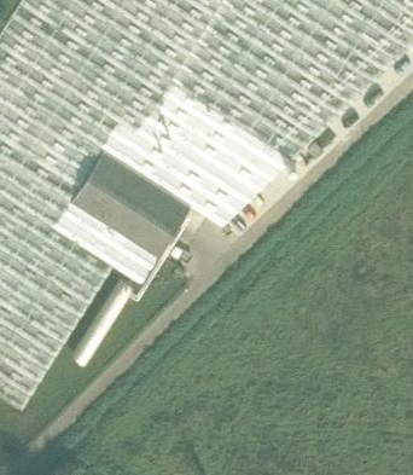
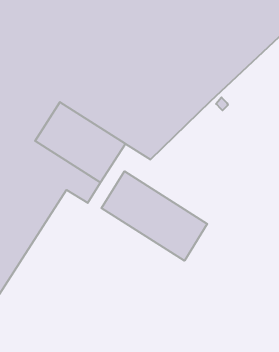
building: none -> [101,171,207,261]

